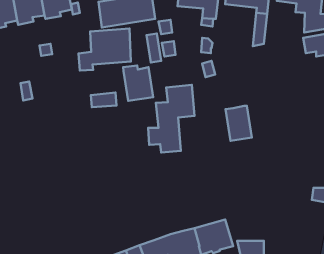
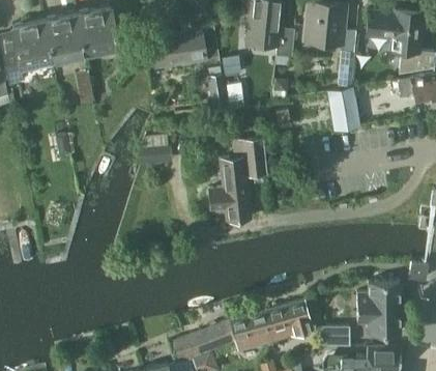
building: [79,29,131,70] -> none
building: [123,66,153,101] -> none
building: [225,106,252,141] -> [327,88,359,131]
building: none -> [357,281,400,334]

